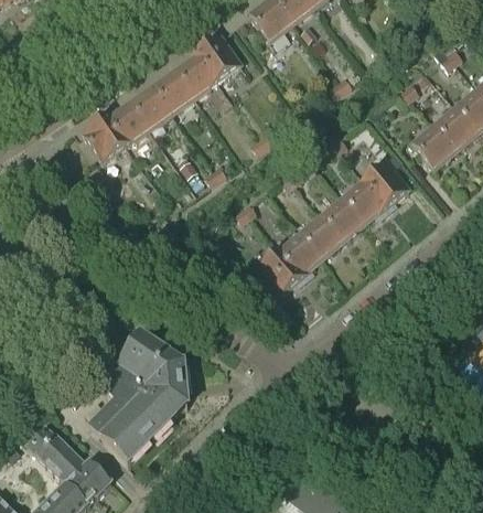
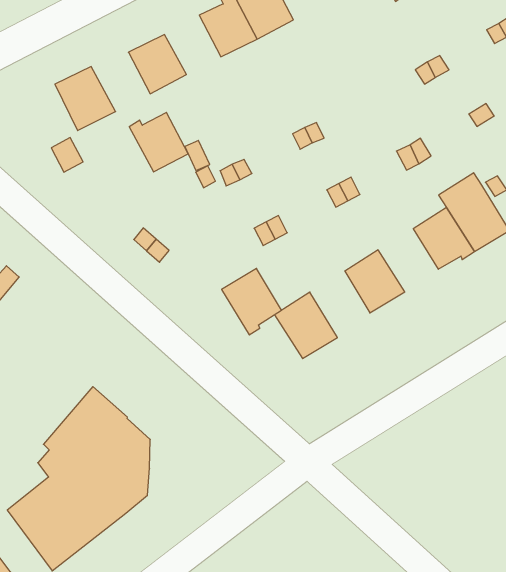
building: [153,70,194,111] -> none
building: [106,101,149,143] -> [129,112,188,172]
building: [320,196,363,241] -> none
building: [277,232,320,278] -> [222,268,281,335]

